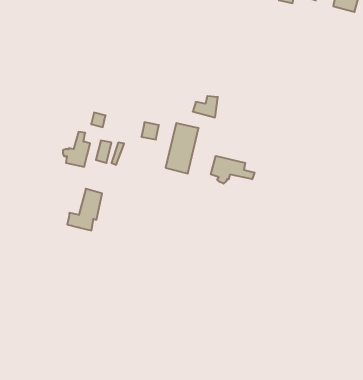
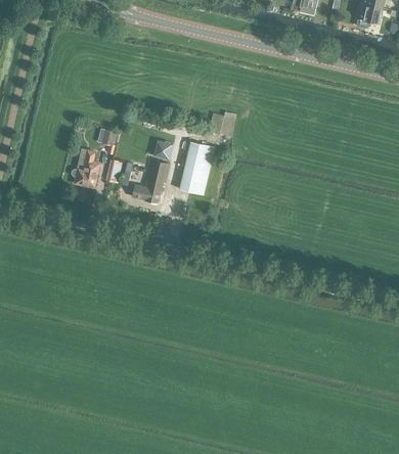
building: [211,156,255,184] -> none
building: [67,189,102,230] -> [132,157,169,201]

